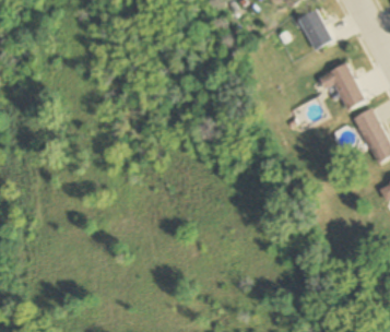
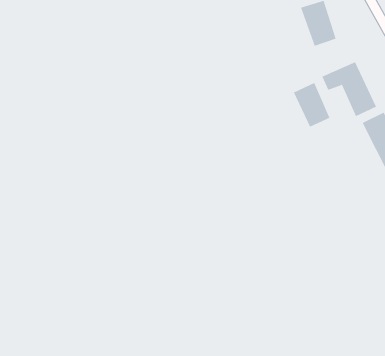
building: none -> [293,82,330,127]

